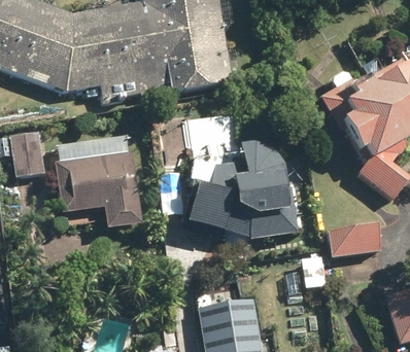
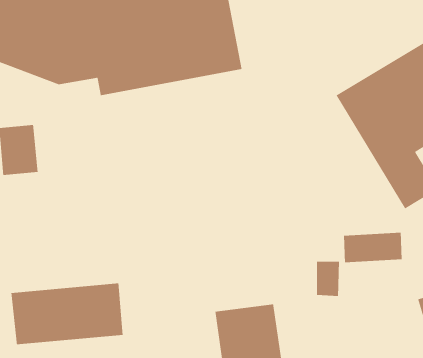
building: [169,129,278,233] -> none
building: [50,138,142,232] -> none
building: none -> [11,283,124,345]

